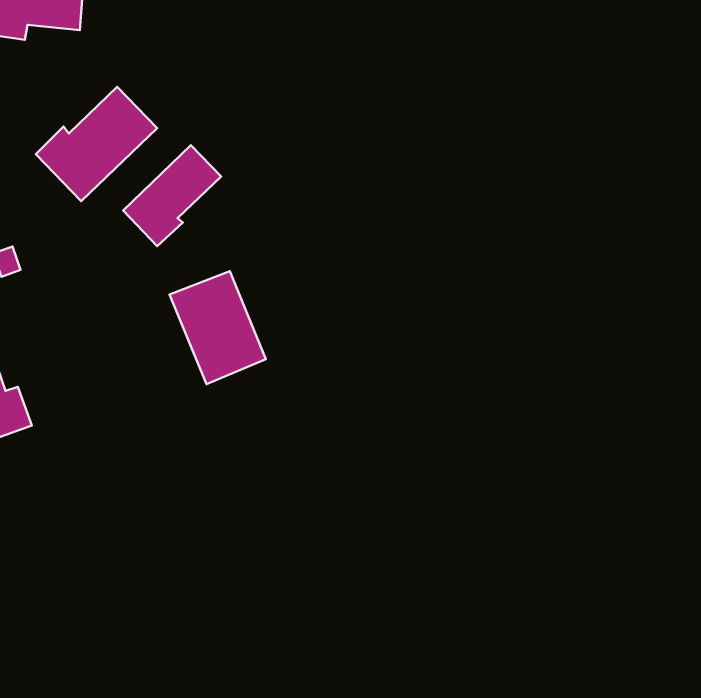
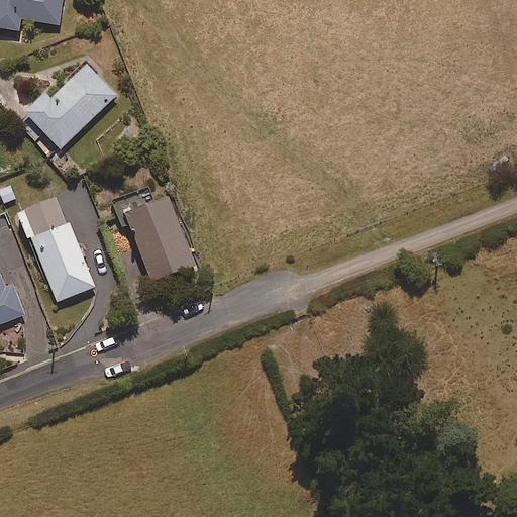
building: [123,145,221,246] -> none
building: none -> [25,200,93,300]

